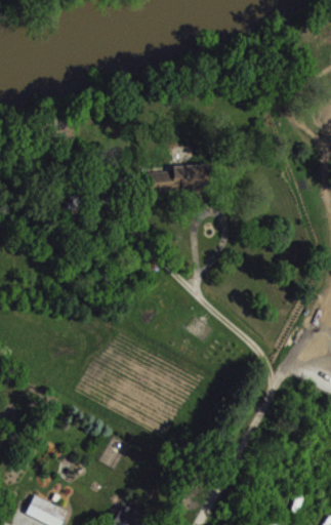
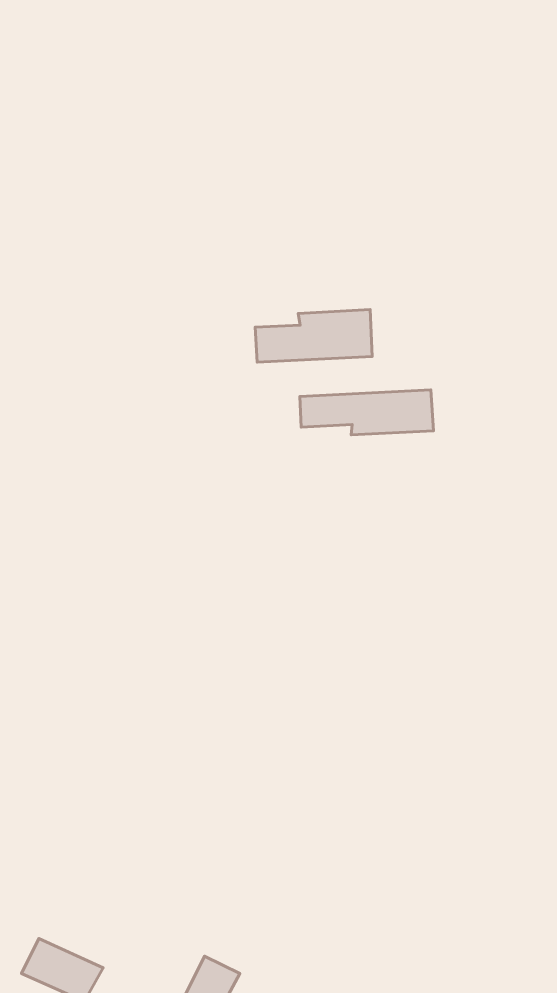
building: none -> [300,390,433,435]

